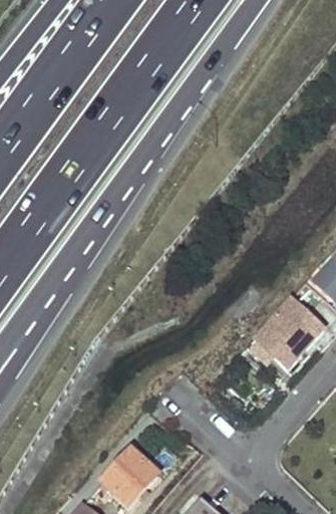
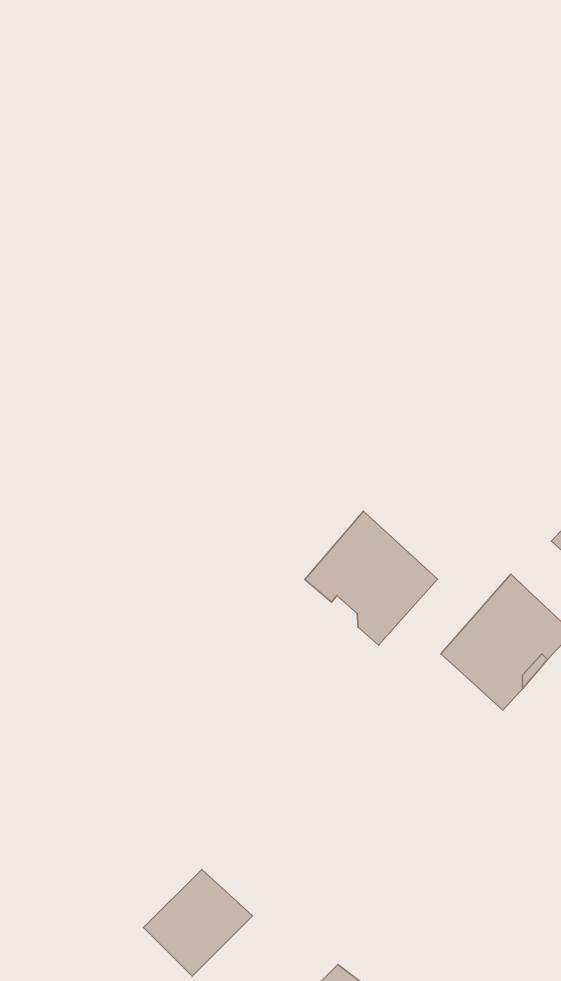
building: none -> [305,511,437,645]

